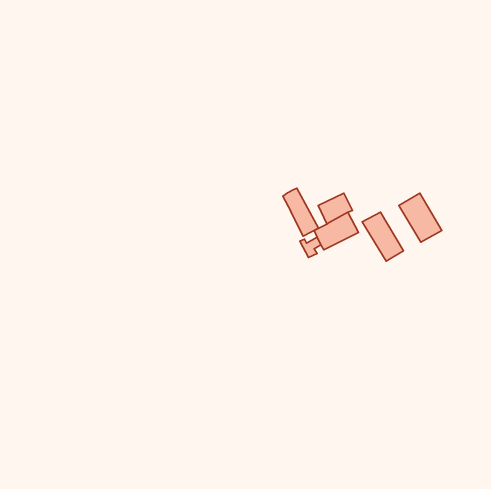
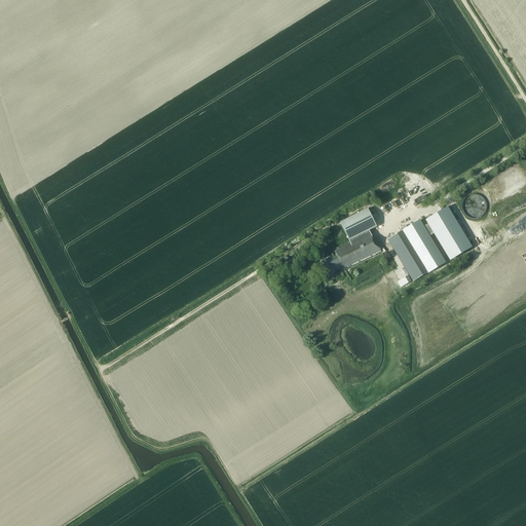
building: [283,188,319,236] -> none
building: none -> [407,218,445,268]

